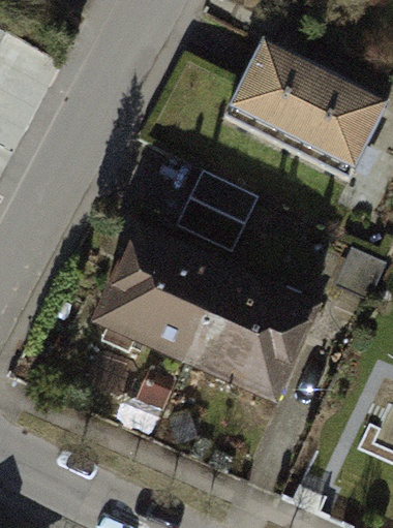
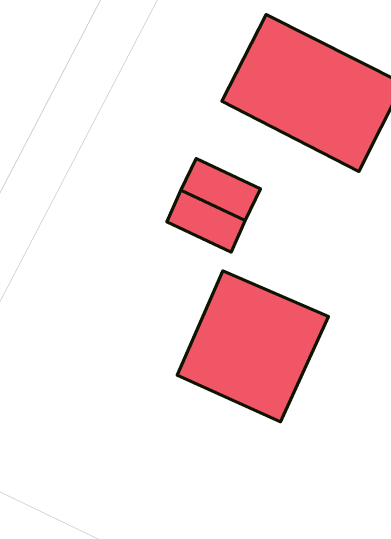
building: [97,228,224,359] -> none

